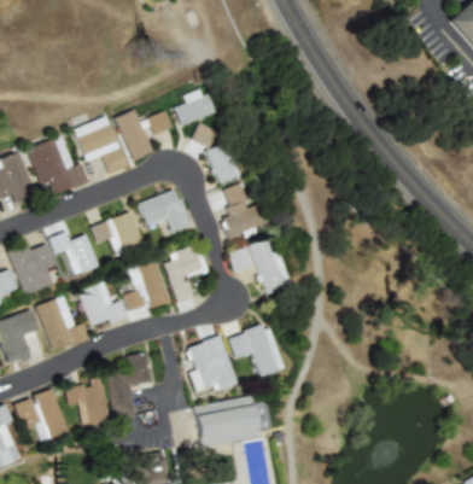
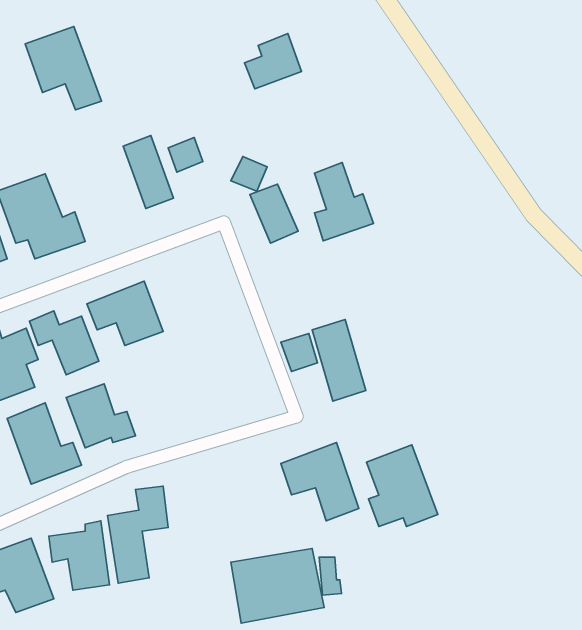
building: [174,87,214,126] -> [244,33,302,89]
building: [75,116,128,174] -> [25,27,101,110]
building: [222,182,263,237] -> [314,163,373,241]
building: [138,189,189,232] -> none
building: [160,245,206,303] -> none
building: [122,258,168,309] -> none
building: [187,334,237,391] -> [367,445,438,526]

